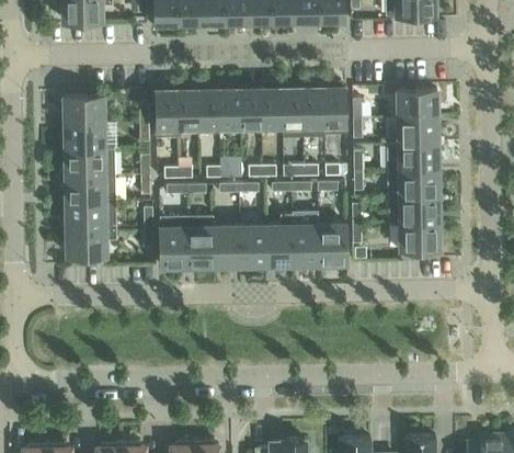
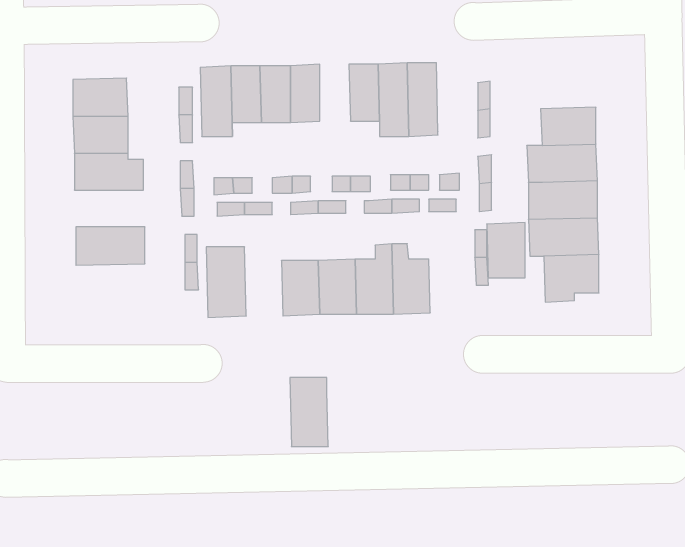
building: [323,84,346,134] -> none
building: [240,86,262,126] -> none
building: [398,89,437,117] -> none
building: [65,175,115,202] -> none
building: [186,216,214,265] -> [290,378,328,447]
building: [318,224,345,263] -> [487,223,525,278]
building: [66,228,115,261] -> none

